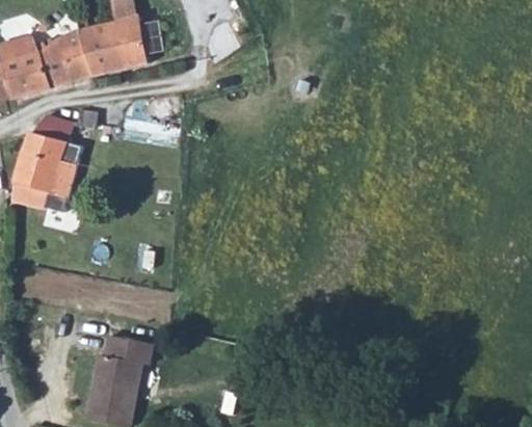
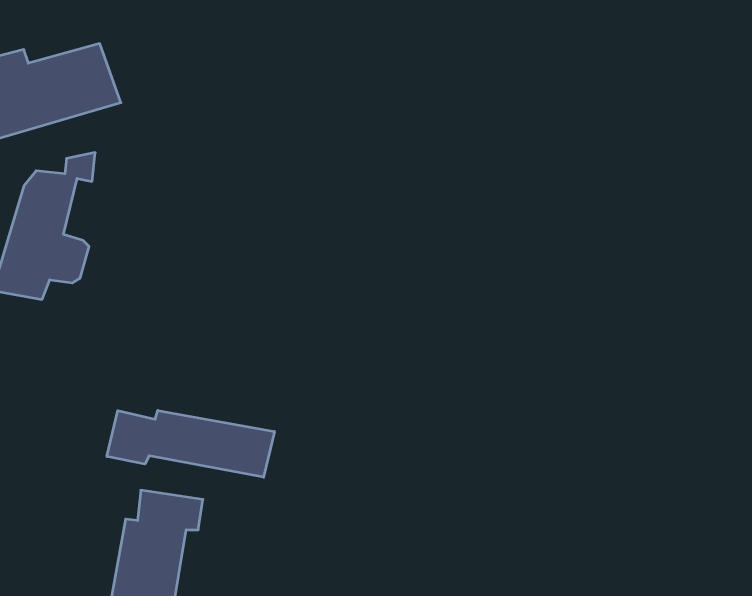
building: [80,12,145,73] -> none
building: none -> [107,410,274,477]

